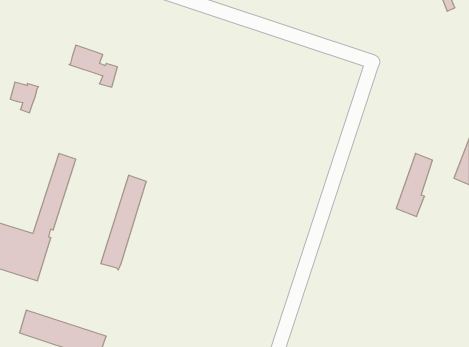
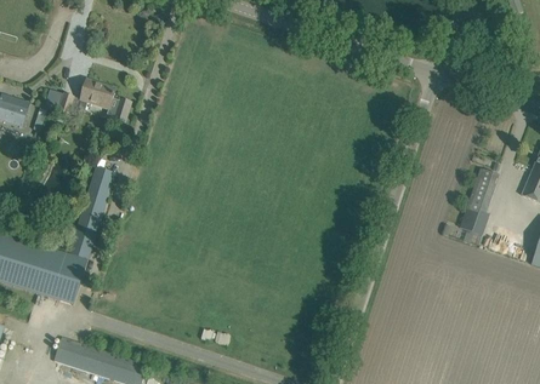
building: [69,45,117,87] -> [79,80,131,125]
building: [101,175,146,270] -> none

